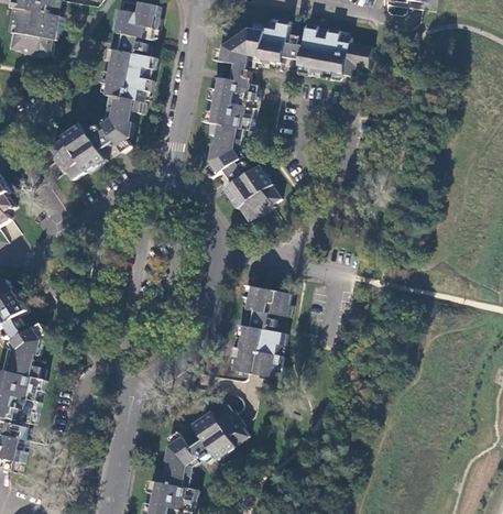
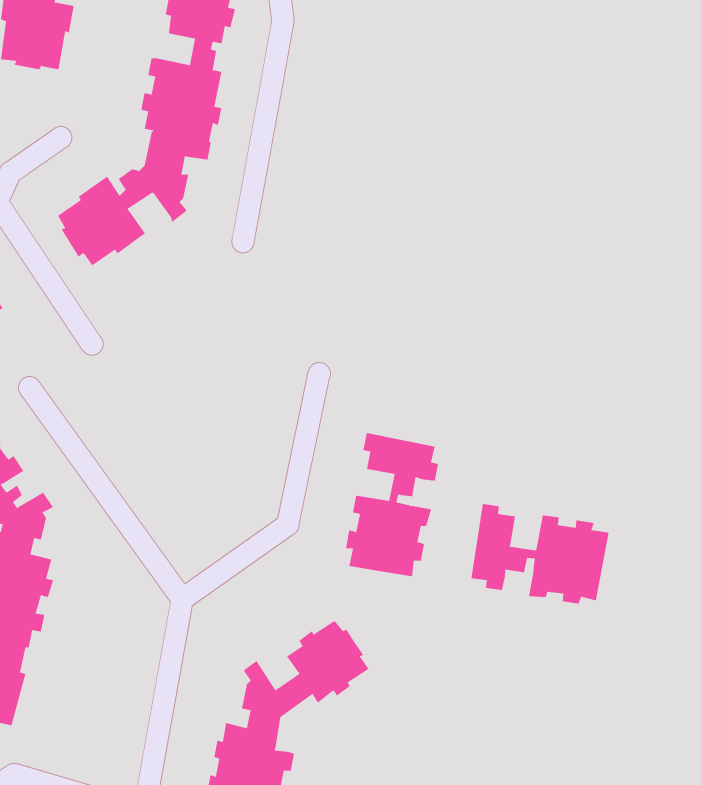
building: [203,18,370,219] -> none
building: none -> [471,503,609,604]

